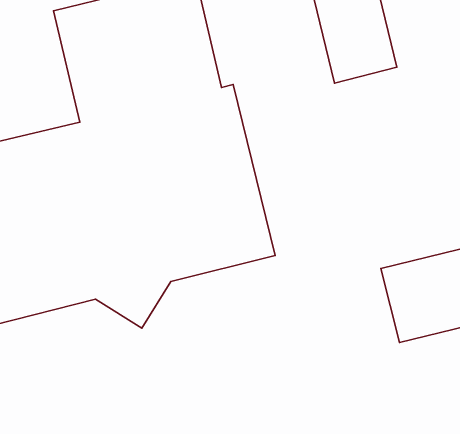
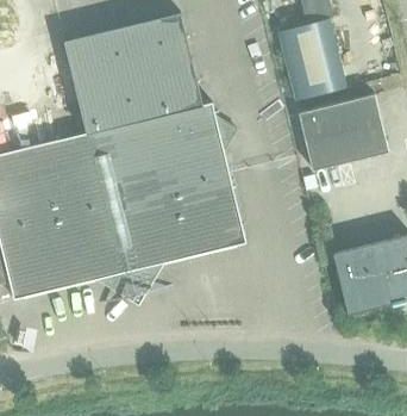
building: none -> [299,94,389,169]

